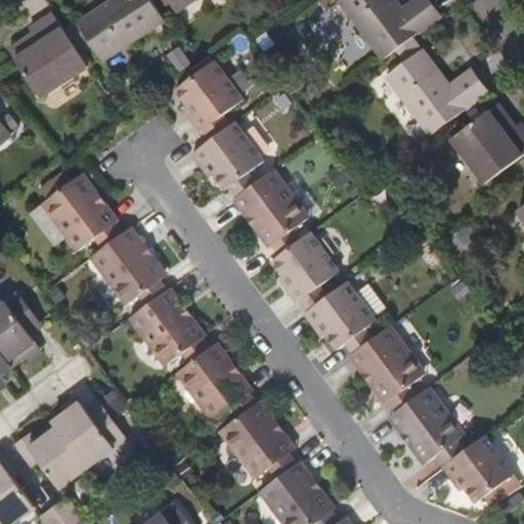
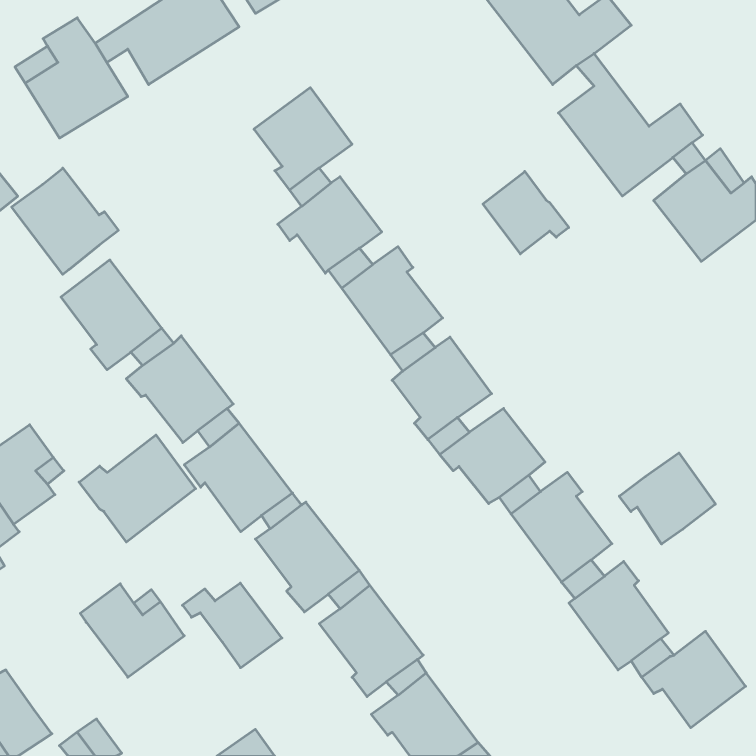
building: none -> [12,168,118,274]
building: none -> [483,171,569,254]
building: none -> [79,435,196,542]
building: none -> [619,453,715,544]
building: [19,429,88,487] -> [182,583,282,668]

